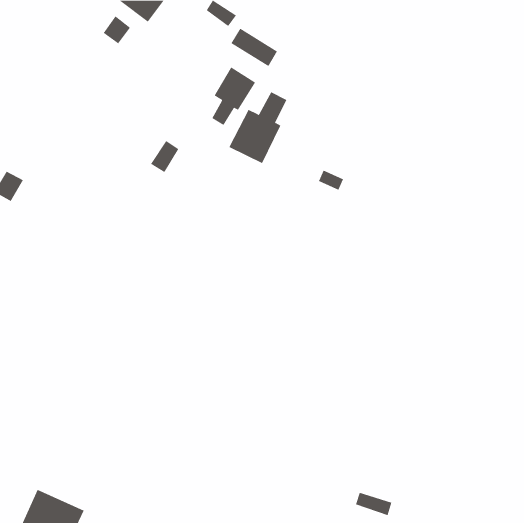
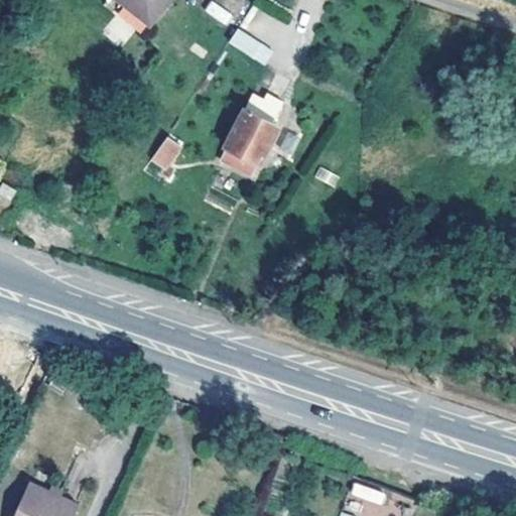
building: [211,67,256,126] -> none

